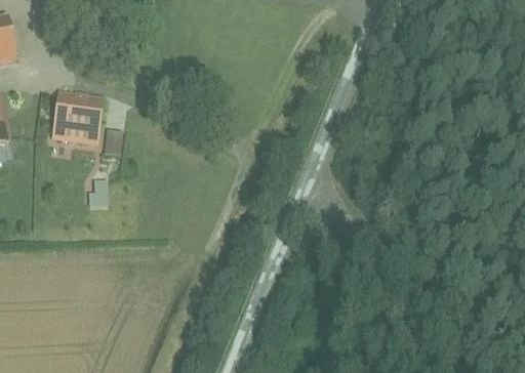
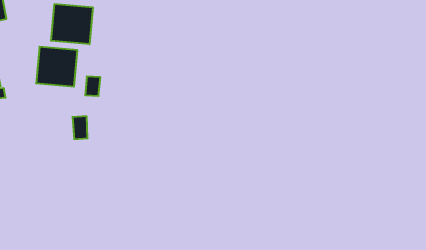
building: none -> [51,4,93,44]

